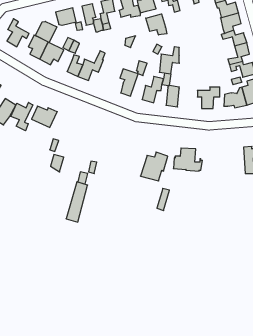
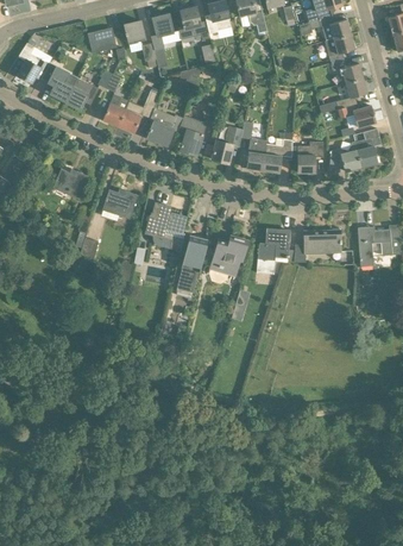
building: [146,14,167,35] -> none
building: [35,21,57,42] -> none
building: [159,47,179,74] -> [263,133,291,172]
building: none -> [147,112,183,145]
building: [11,102,33,131] -> none
building: none -> [102,189,138,219]
building: none -> [144,202,184,252]
building: none -> [296,228,341,263]
building: [66,182,88,222] -> [176,236,207,294]

